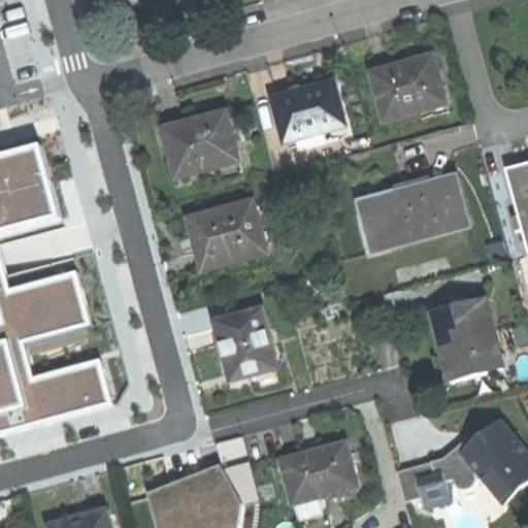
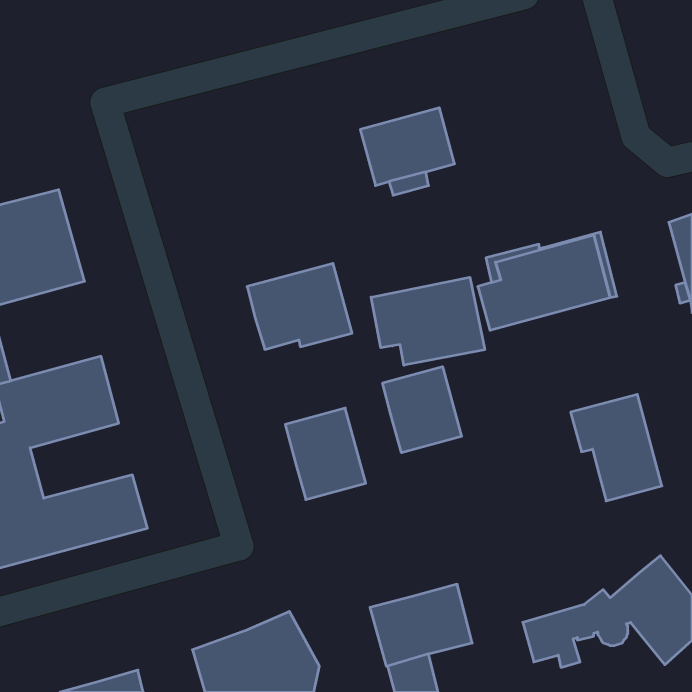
building: [371,54,444,118] -> none
building: [162,110,237,175] -> none
building: none -> [371,277,485,365]
building: none -> [383,367,462,453]

